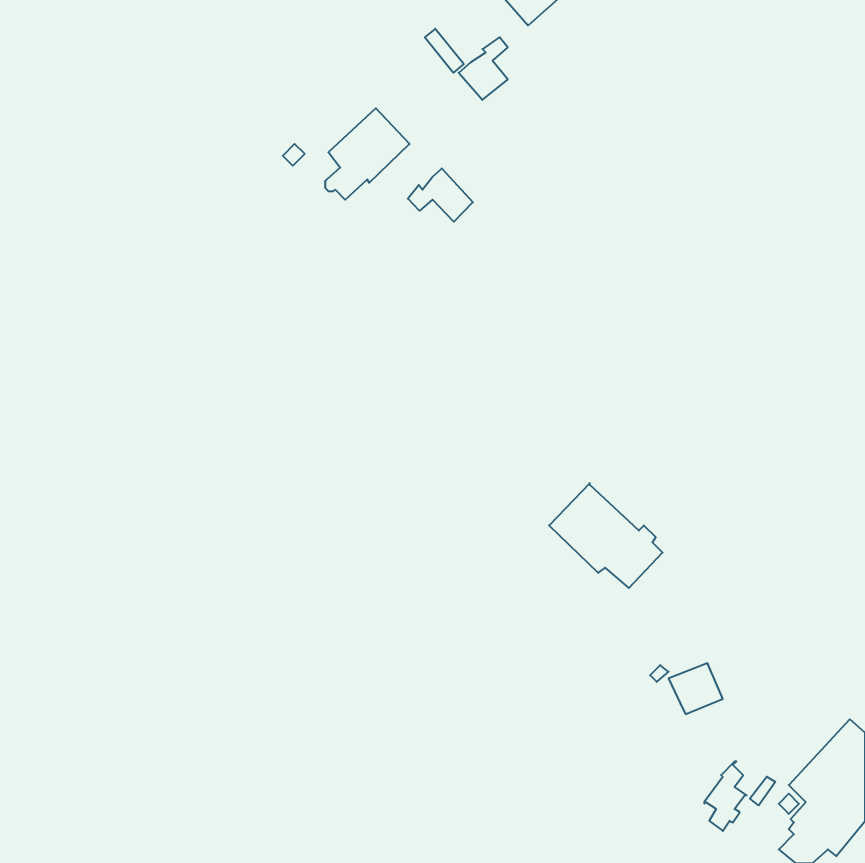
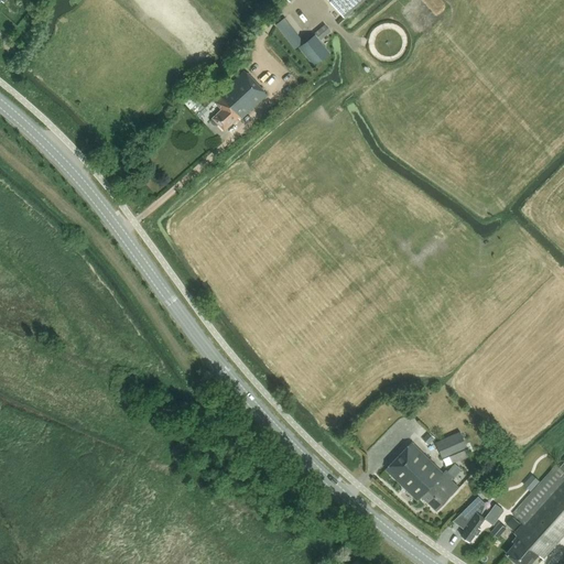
building: [408,168,473,222] -> none
building: [549,483,663,588] -> [386,441,459,509]

